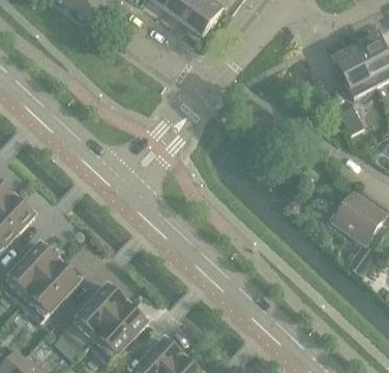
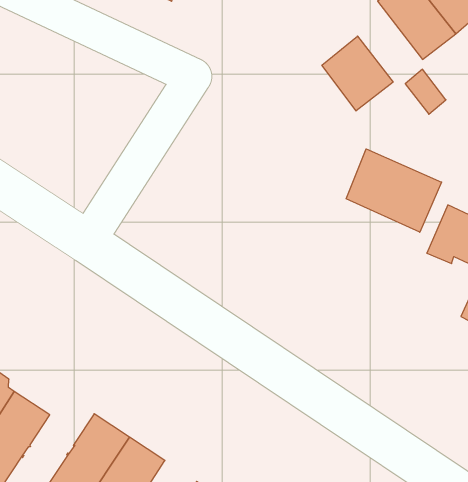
building: none -> [322,36,393,111]
building: none -> [346,149,442,232]

